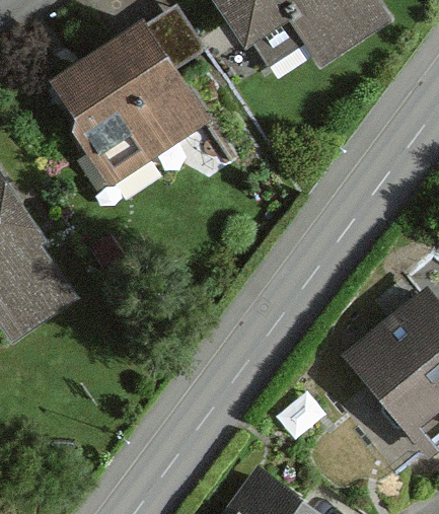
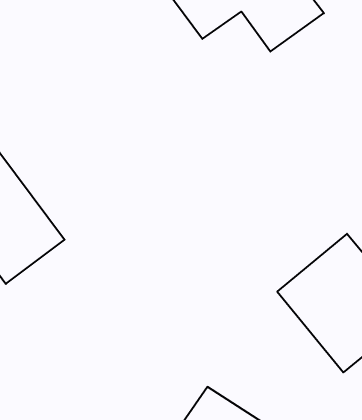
building: [61,12,222,175] -> none

